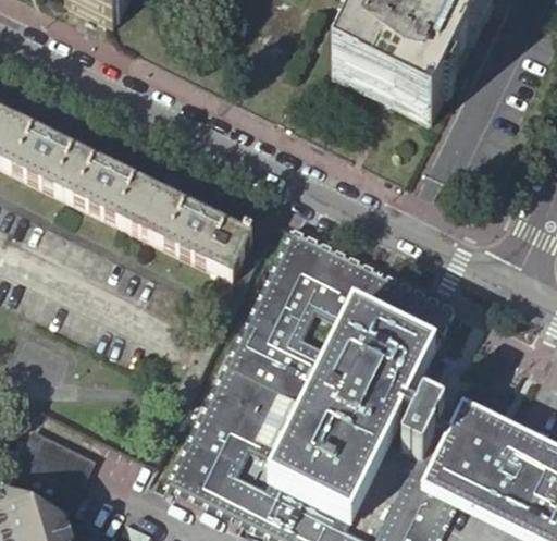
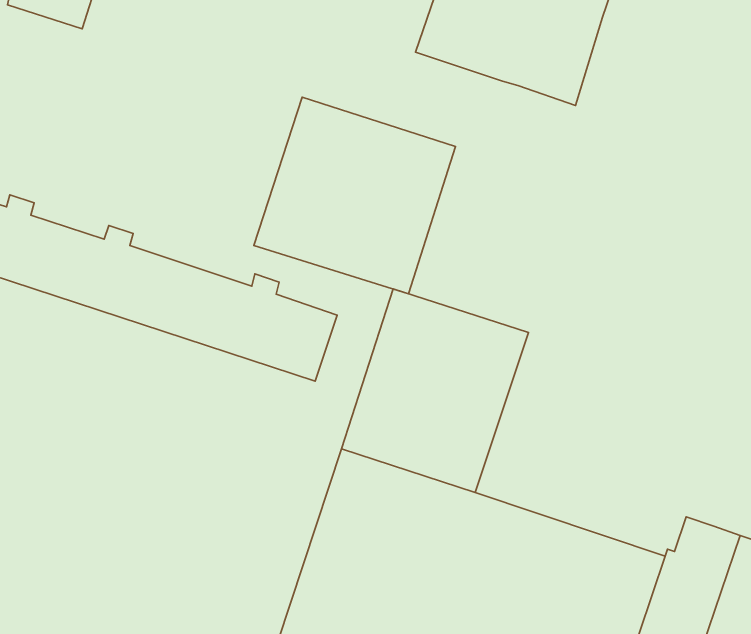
building: none -> [254,97,455,294]
building: [329,269,457,429] -> none

